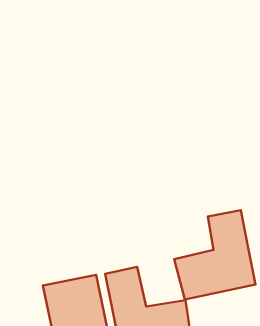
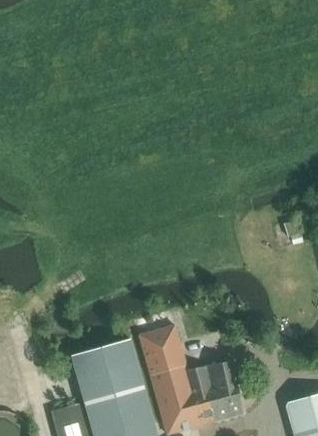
building: [174,210,256,300] -> none

